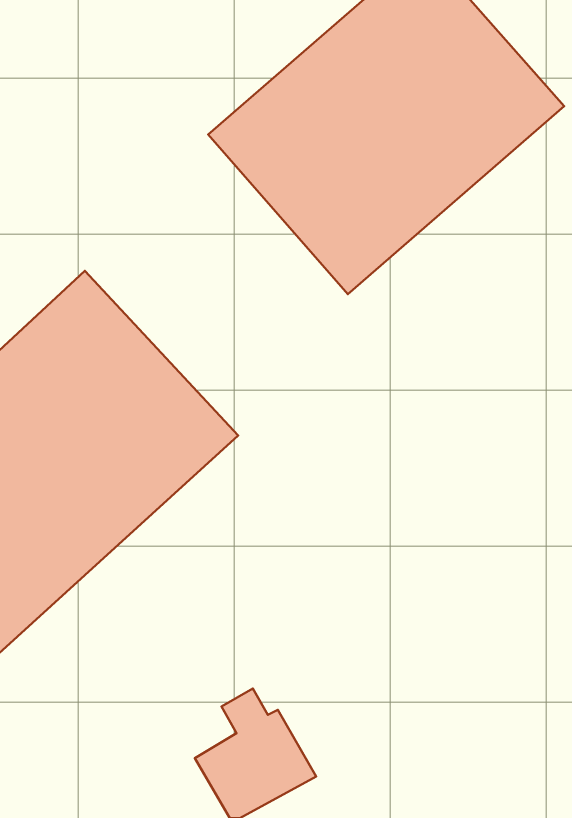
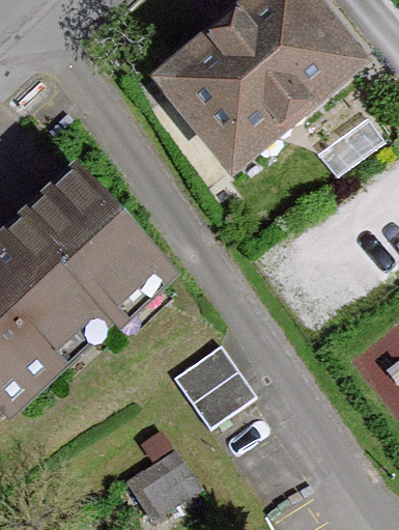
building: none -> [174,343,259,429]

